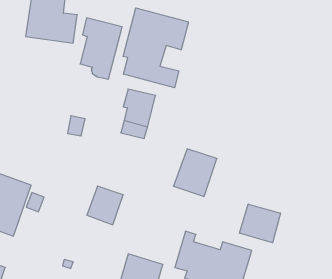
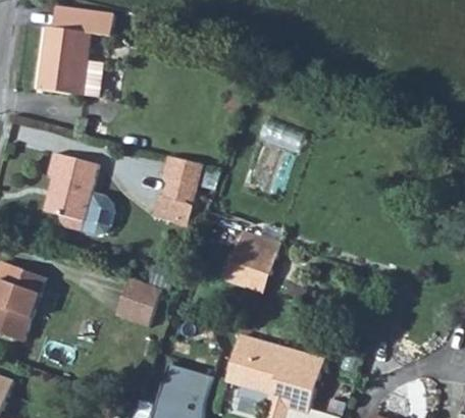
building: [123,8,188,88] -> none
building: [80,18,122,79] -> [45,152,98,229]
building: [240,204,280,243] -> none

